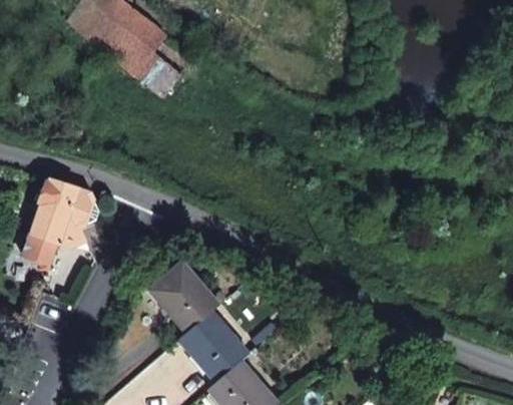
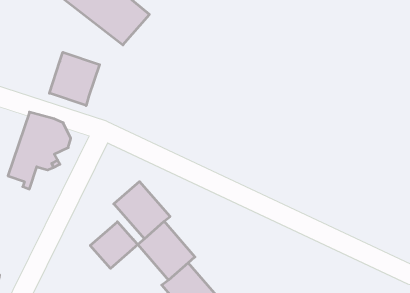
building: none -> [49,52,100,106]
building: none -> [90,222,138,268]

